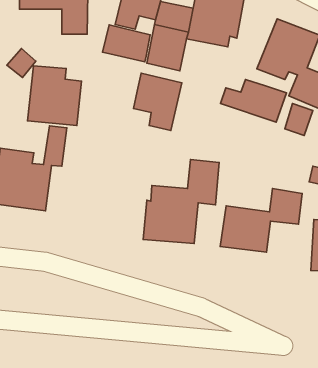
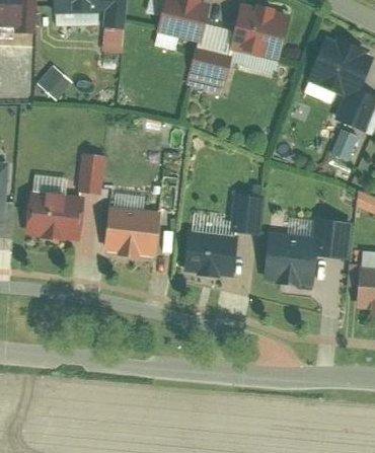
building: [102,25,150,62] -> none
building: [28,66,82,126] -> [105,193,162,255]
building: [134,73,182,131] -> none
building: [220,79,286,122] -> none

